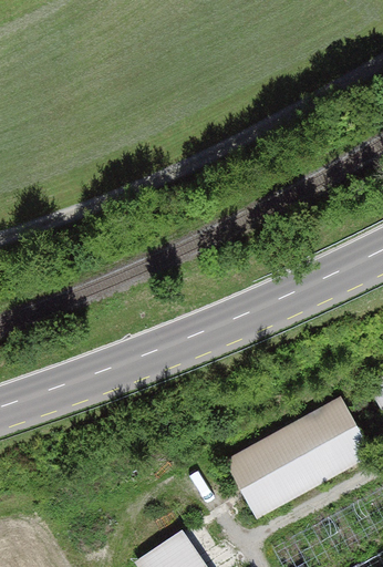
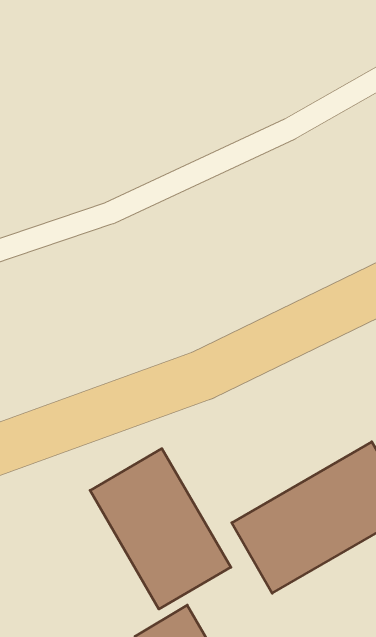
building: none -> [90,449,231,609]

